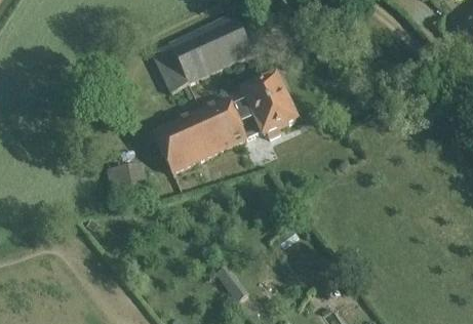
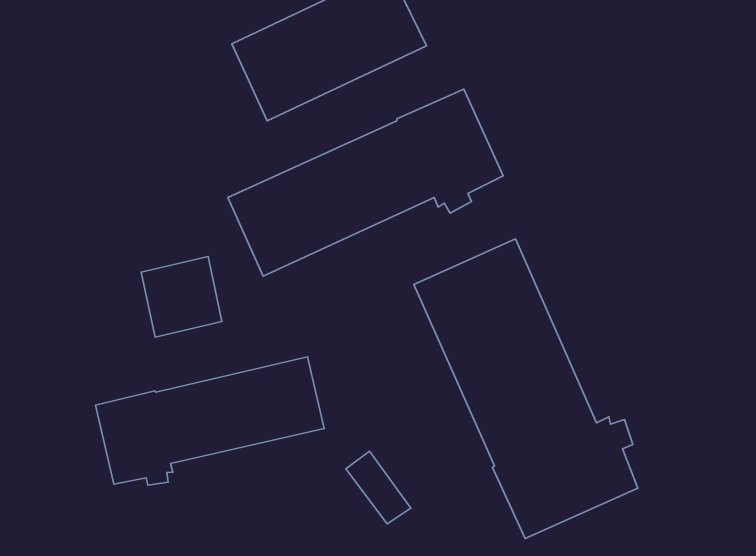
building: none -> [414,239,638,538]
building: none -> [95,357,324,485]

